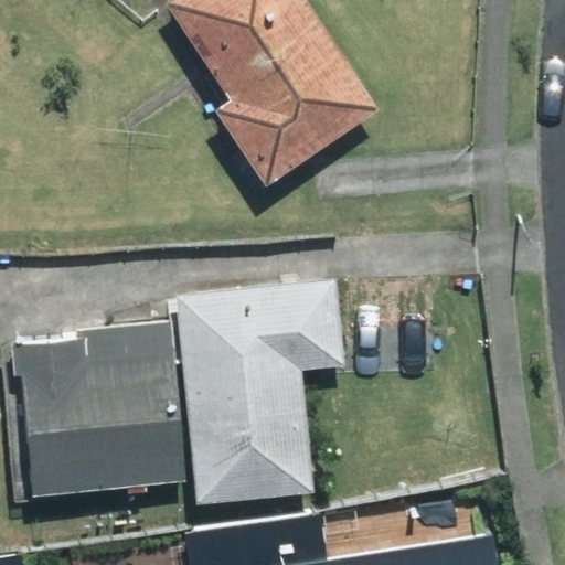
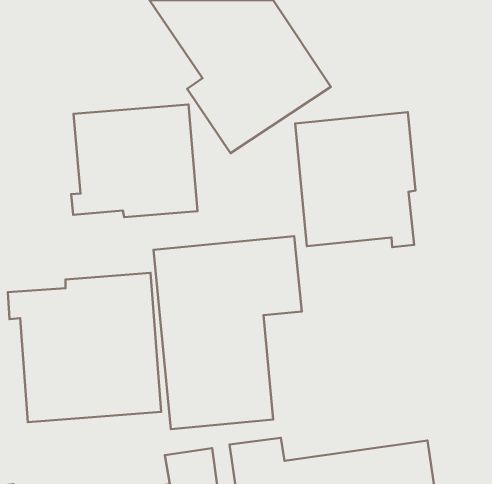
building: none -> [71,105,197,217]
building: none -> [295,112,415,247]

